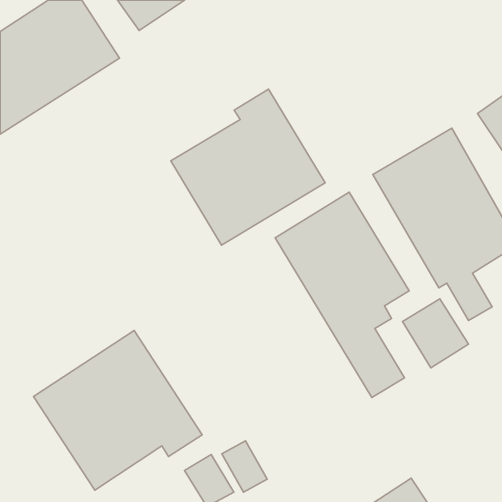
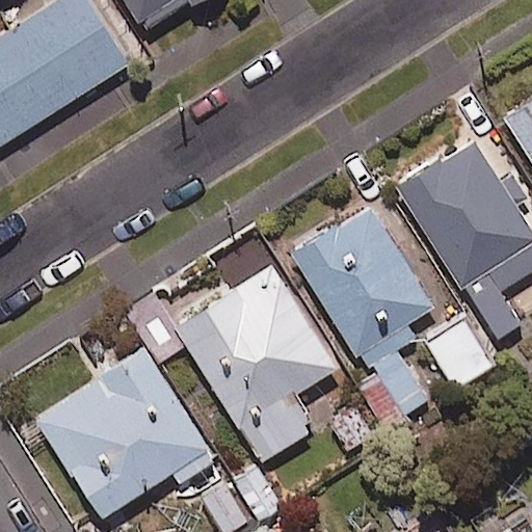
building: [171,89,325,245] -> none
building: none -> [176,268,336,462]

